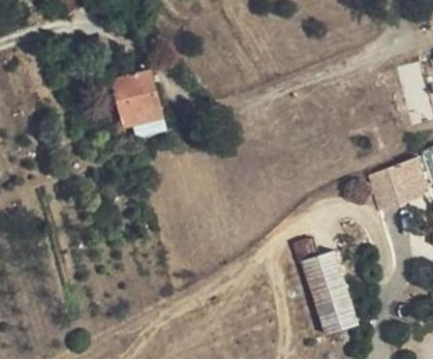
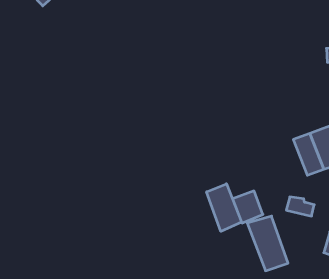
building: [110,69,163,129] -> none
building: none -> [207,184,242,231]

